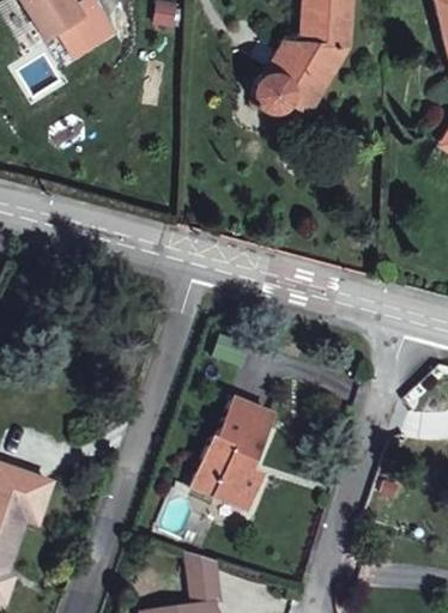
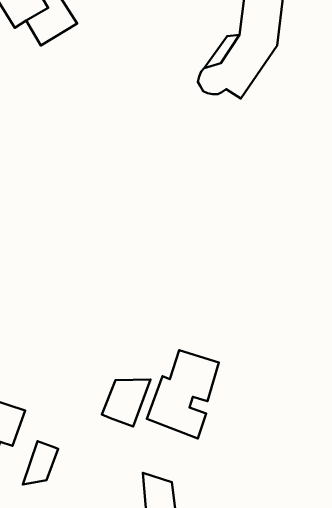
building: none -> [102,379,150,427]
building: none -> [23,441,58,484]

